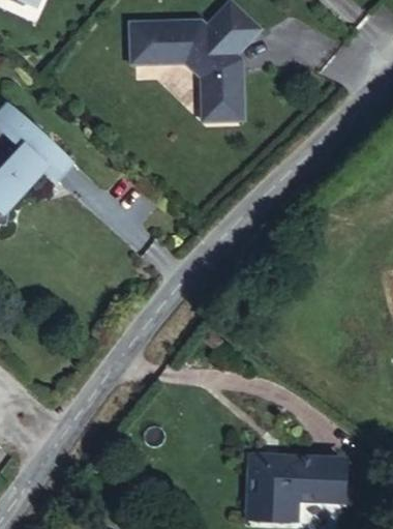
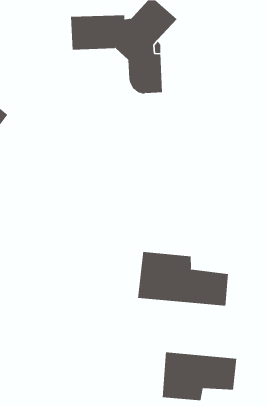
building: none -> [137,251,229,306]

